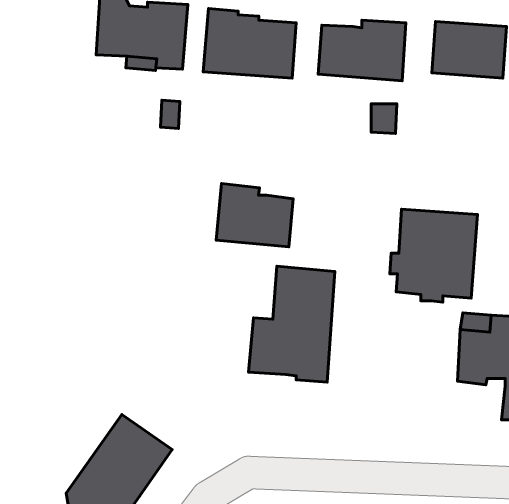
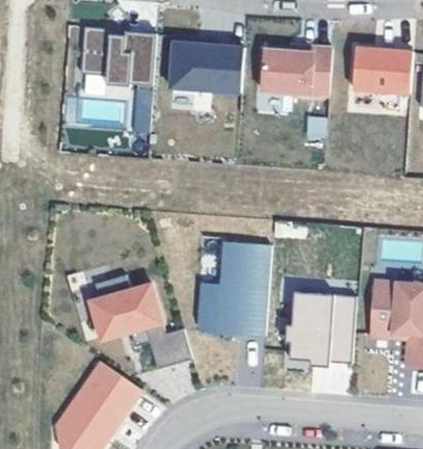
building: [216,184,293,247] -> none
building: [390,209,478,302] -> [282,289,352,364]
building: none -> [90,276,192,370]

